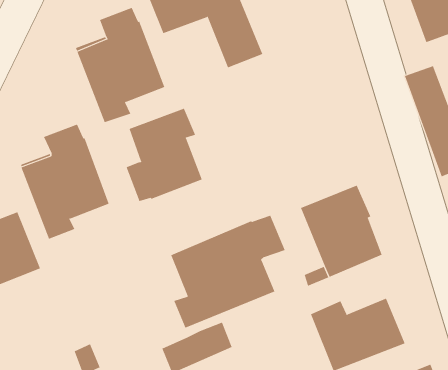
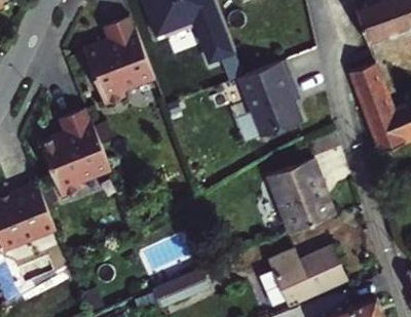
building: none -> [238,60,301,137]
building: [126,108,202,202] -> none
building: [170,215,286,328] -> none

